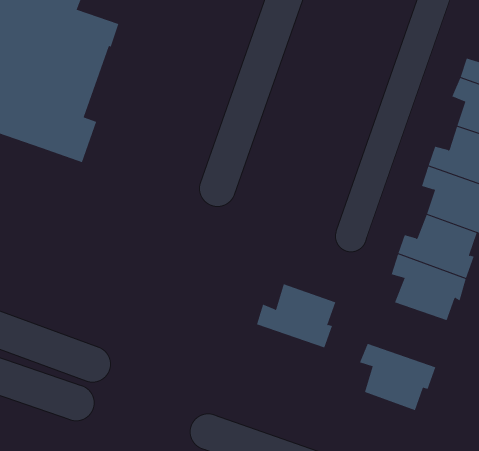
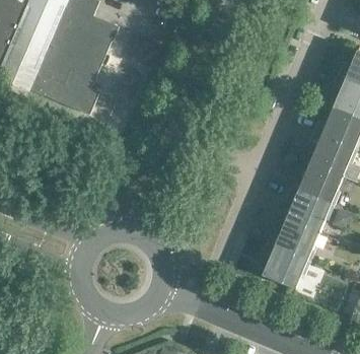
building: [256,284,336,348] -> [267,219,319,263]

